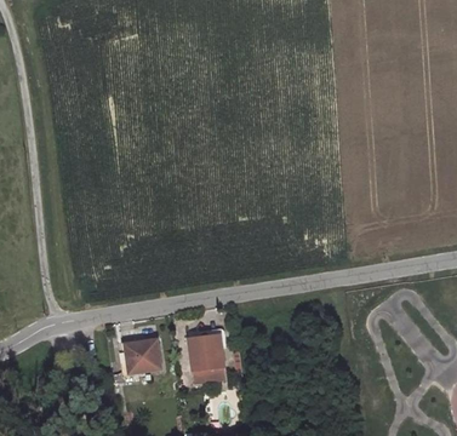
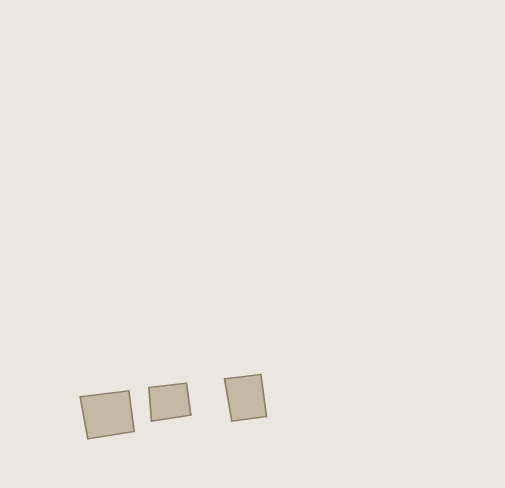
building: none -> [80,391,134,439]

